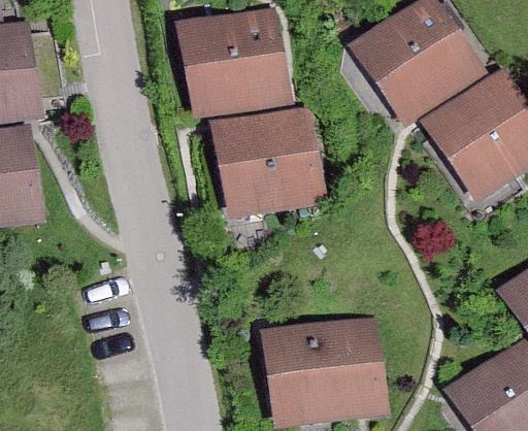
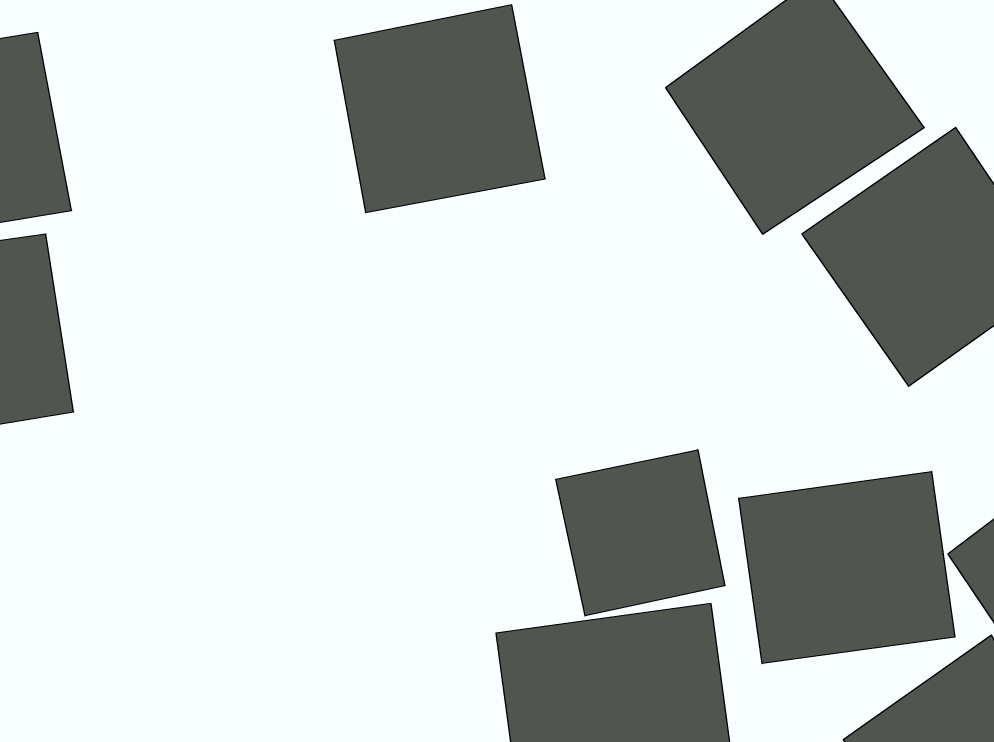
building: [212,107,329,220] -> none
building: none -> [556,450,725,616]
building: none -> [739,471,955,664]

